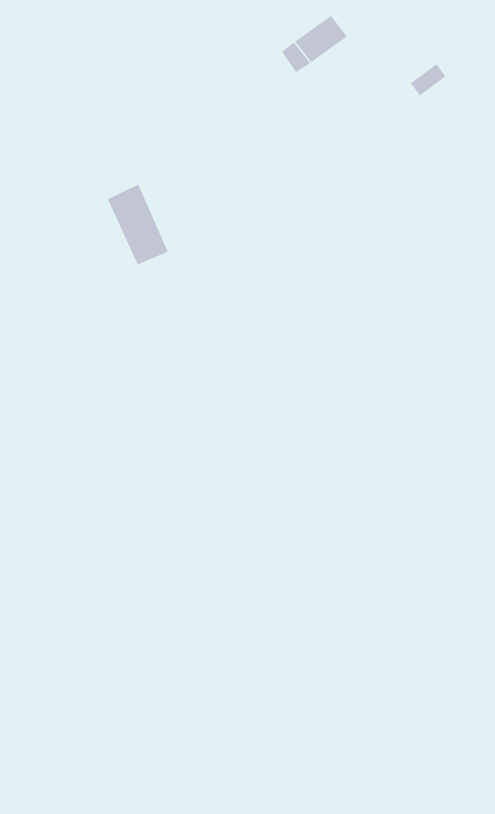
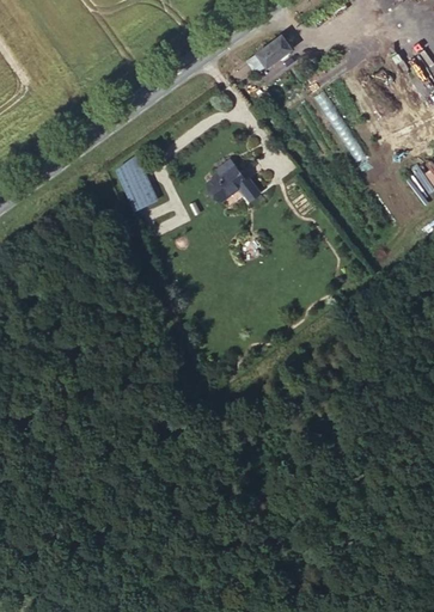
building: none -> [215,166,255,204]

